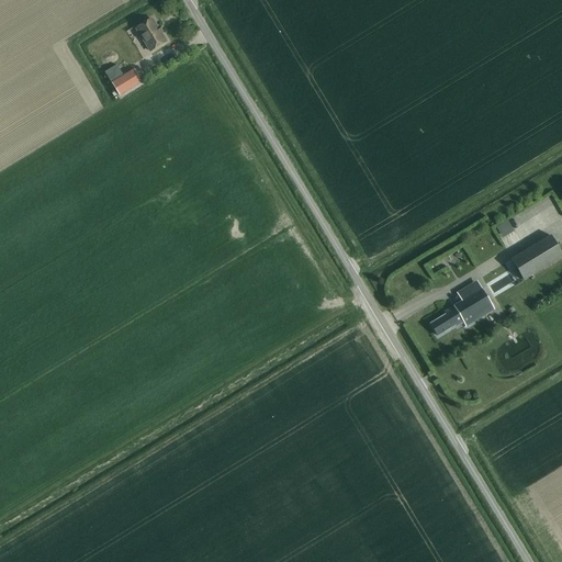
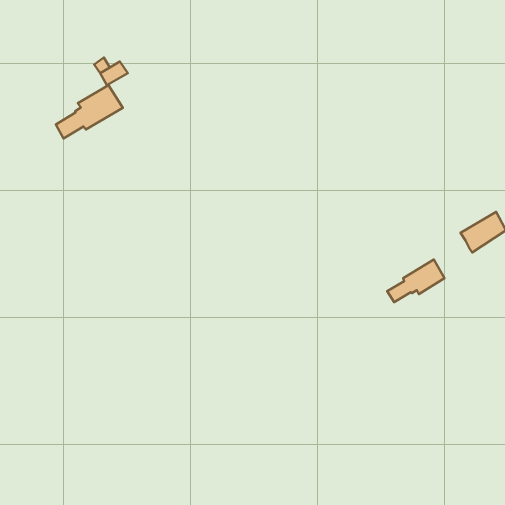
building: [134,16,166,52] -> none
building: none -> [56,85,123,139]

